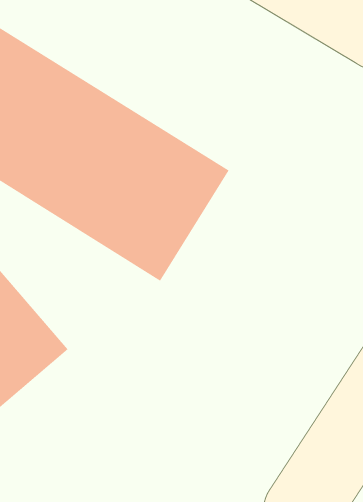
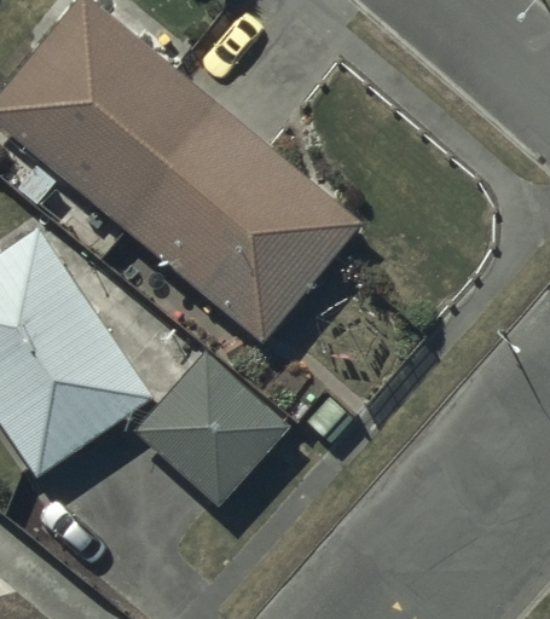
building: none -> [138,353,289,504]

